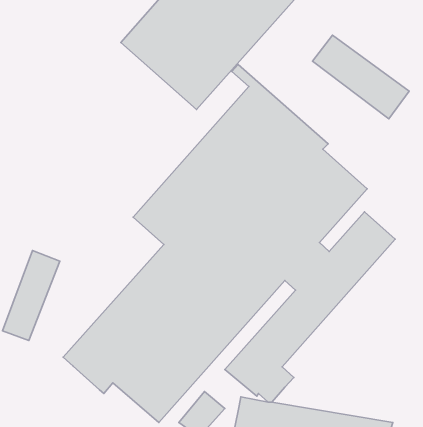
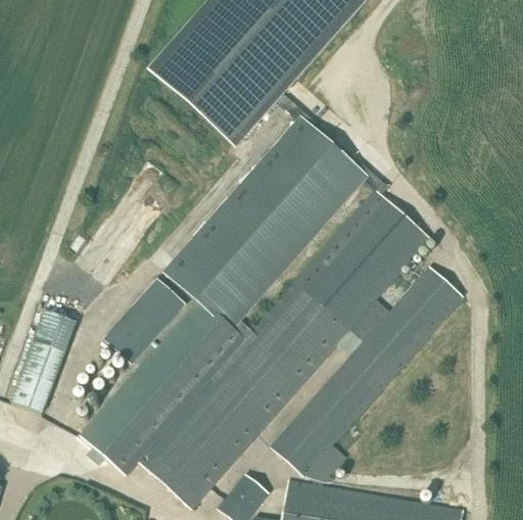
building: [312,35,409,119] -> none
building: none -> [102,278,186,366]

